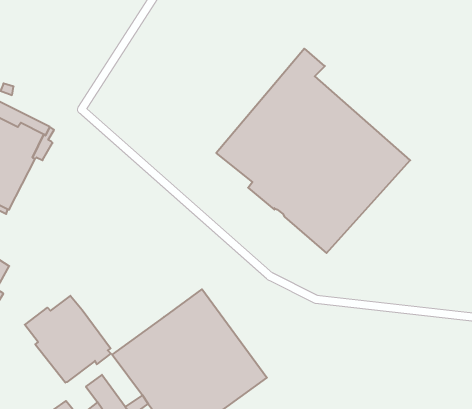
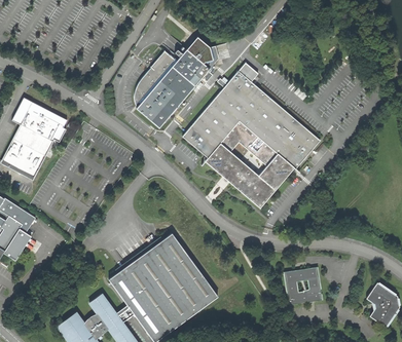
building: none -> [134,37,219,127]
building: [25,296,111,383] -> none
building: none -> [284,267,322,305]

